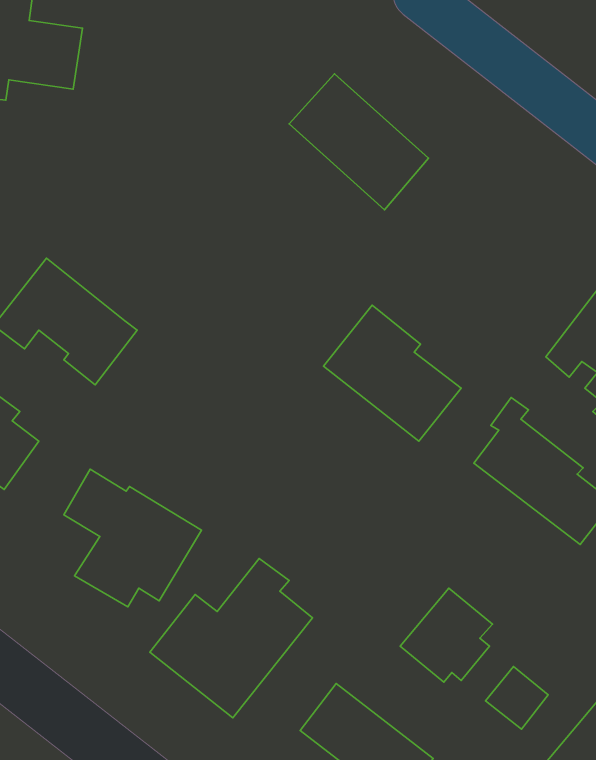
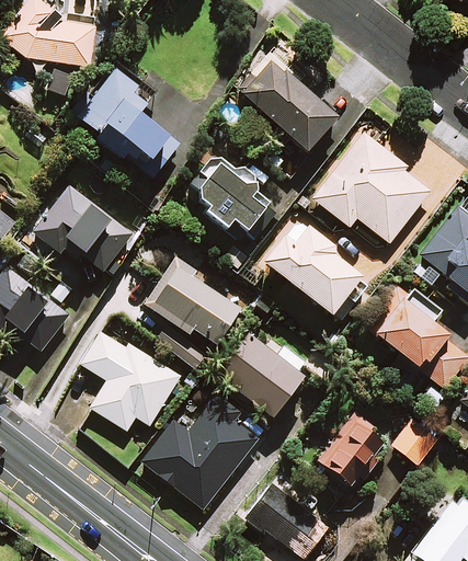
building: none -> [75,65,179,176]
building: none -> [313,134,427,248]
building: none -> [184,163,278,238]
building: none -> [145,257,240,368]
building: none -> [218,334,306,415]
building: [485,667,548,729] -> [391,421,435,465]

